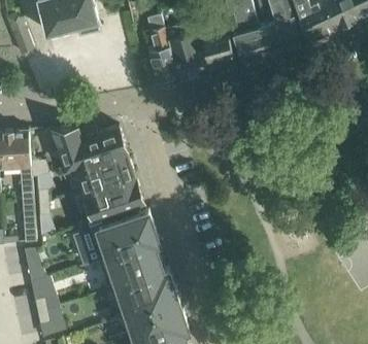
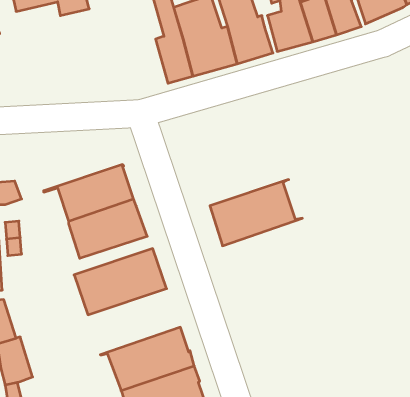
building: [53,126,125,167] -> none
building: [99,240,168,289] -> [210,180,302,246]

